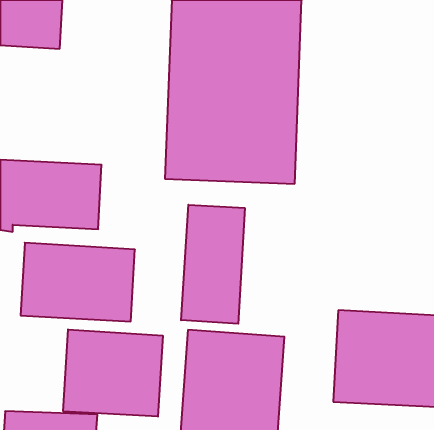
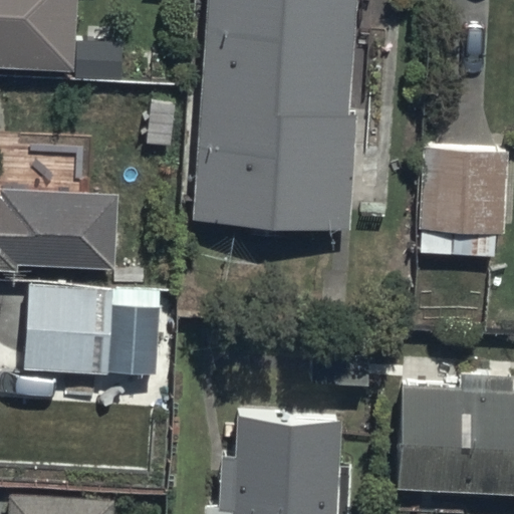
building: none -> [421,139,505,258]
building: [181,205,245,324] -> none
building: [63,329,163,417] -> none

